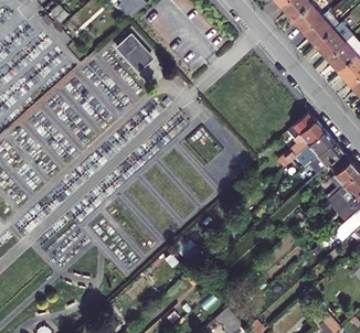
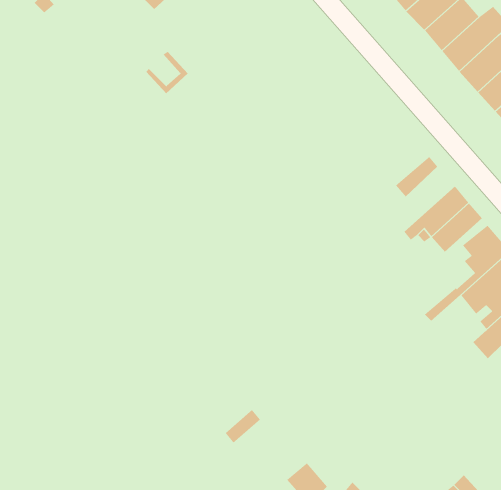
building: [116,34,147,66] -> none
building: [278,118,324,166] -> none

